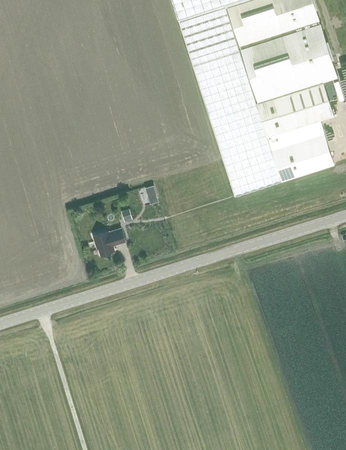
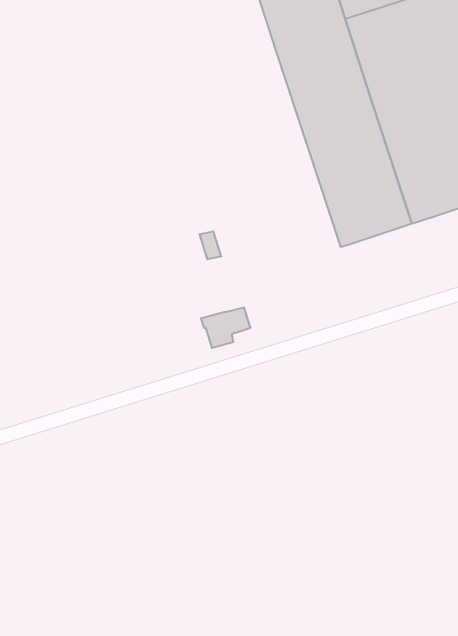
building: [93,229,125,255] -> [201,308,251,348]

